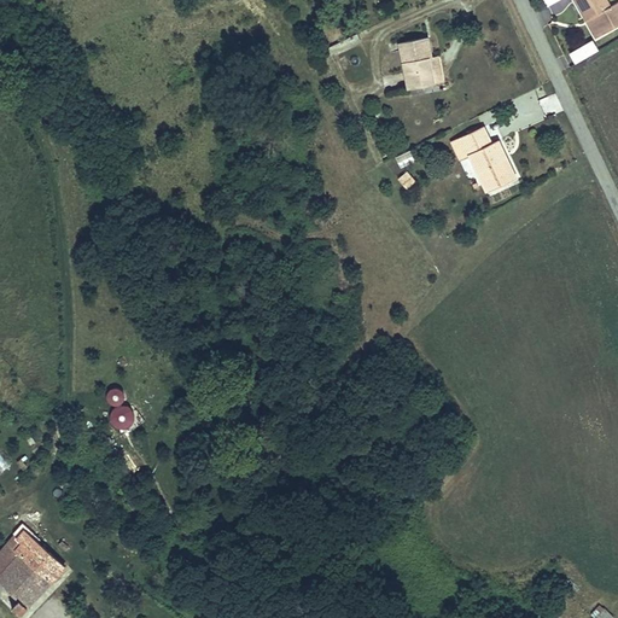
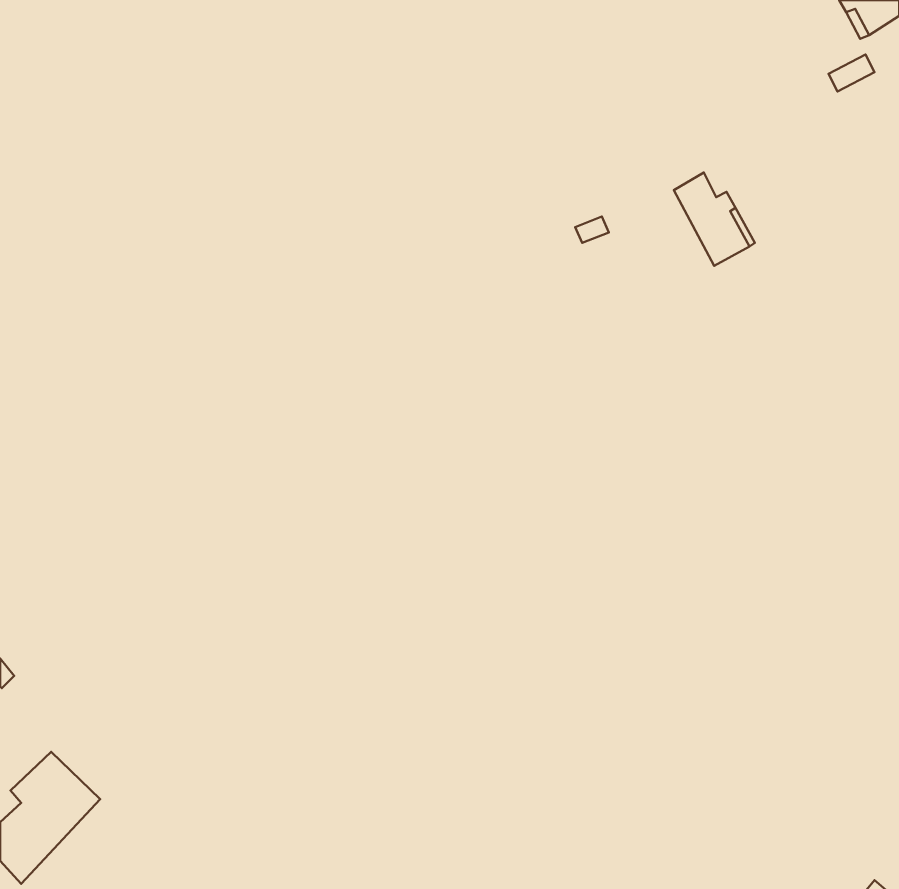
building: [396,39,428,89] -> none
building: [103,391,136,437] -> none

